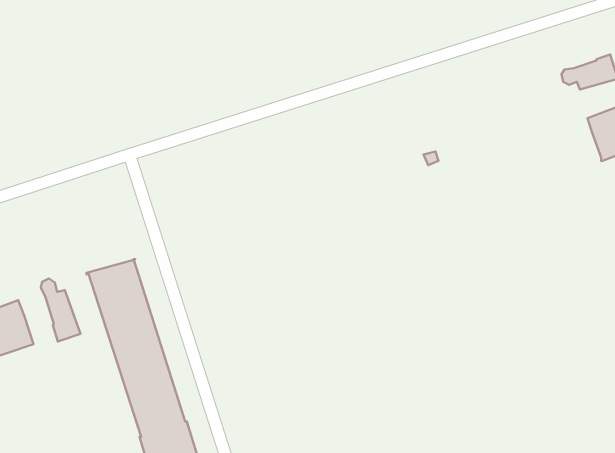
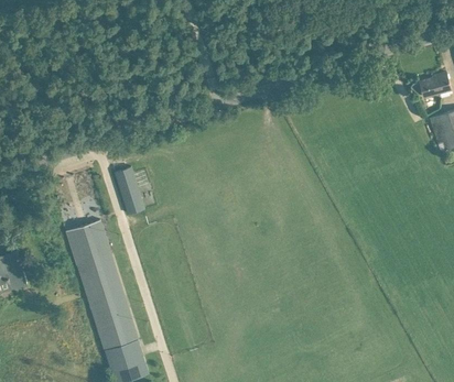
building: none -> [115,166,144,214]
building: [41,278,80,341] -> none

